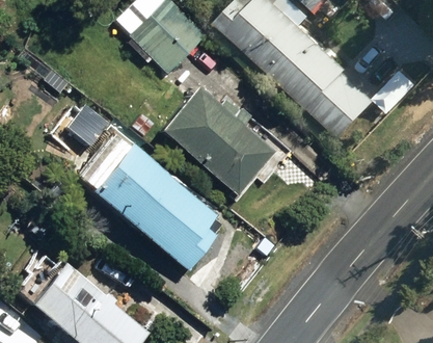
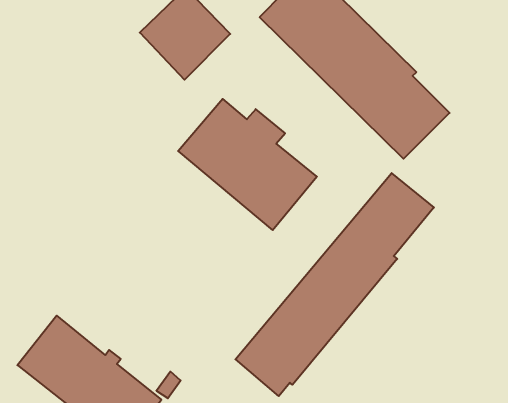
building: [89,142,220,269] -> none
building: none -> [235,173,434,396]

